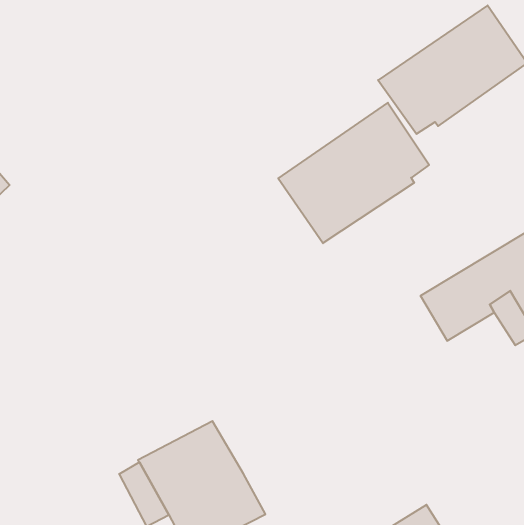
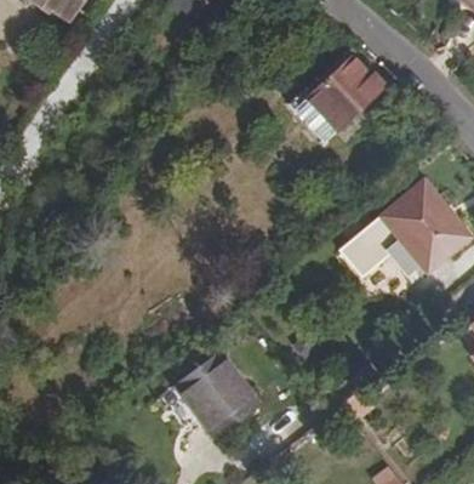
building: [278,103,429,243] -> none

